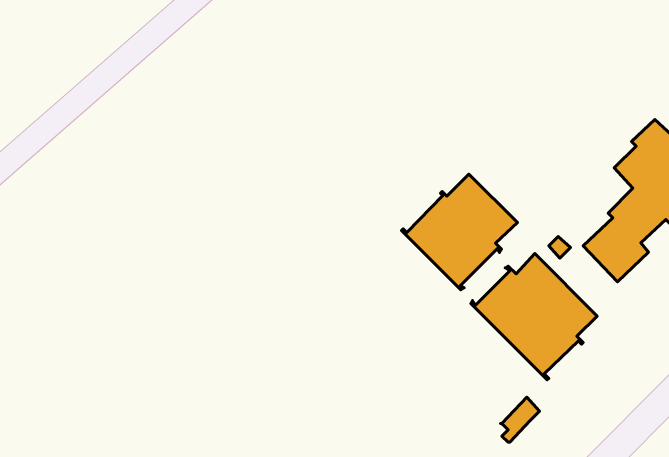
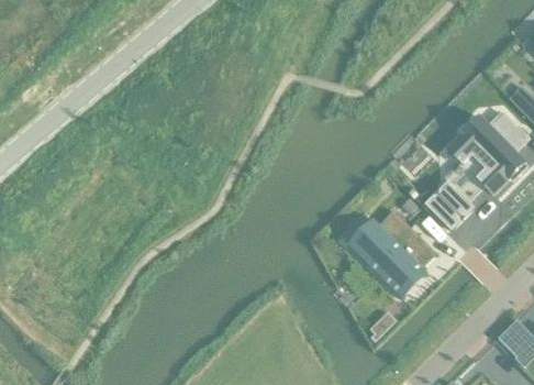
building: [402,174,517,290] -> none

